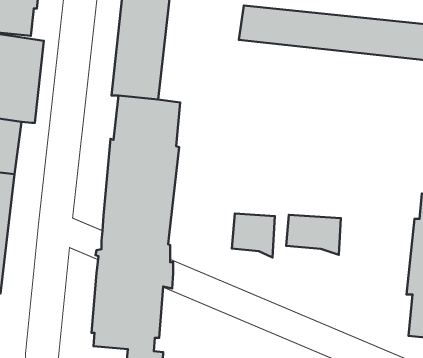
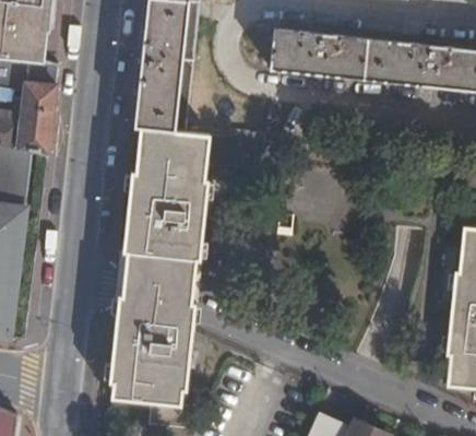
building: [232,214,275,257] -> none
building: [286,215,341,255] -> none

